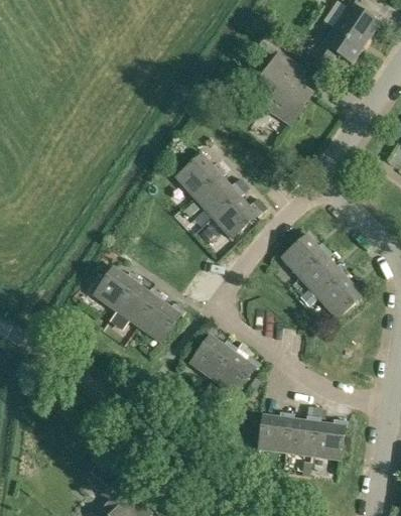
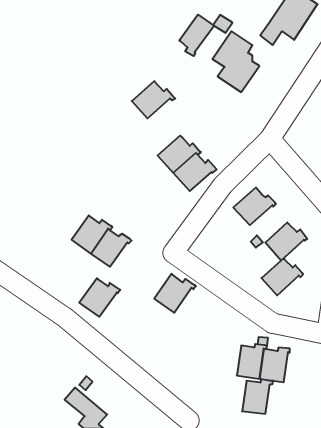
building: none -> [179,15,214,56]
building: [175,153,226,197] -> [132,81,175,118]
building: [300,254,349,297] -> [261,258,303,295]
building: [138,297,185,342] -> [79,278,120,317]
building: [213,350,259,395] -> none
building: [258,411,294,452] -> [242,379,273,414]

